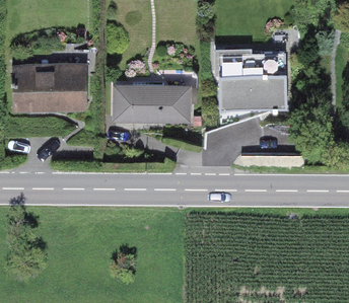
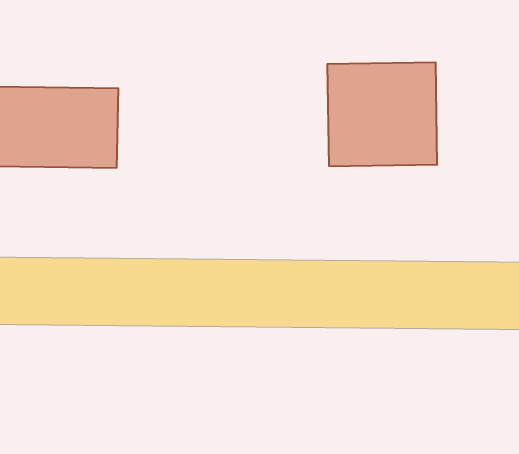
building: [113,84,191,122] -> none

